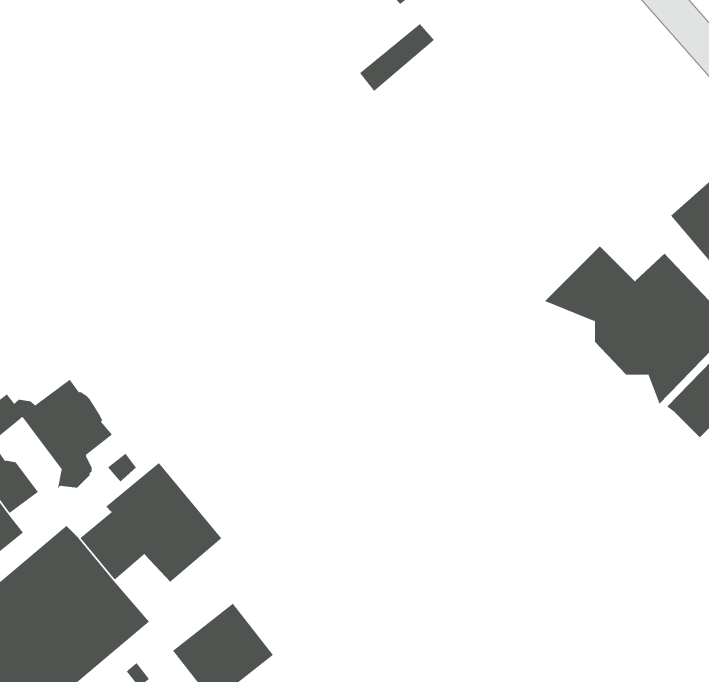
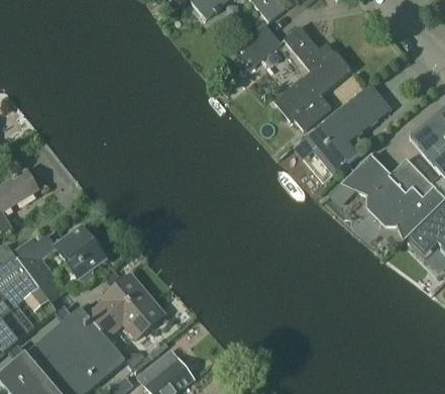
building: none -> [273,25,351,130]
building: none -> [304,84,391,179]

